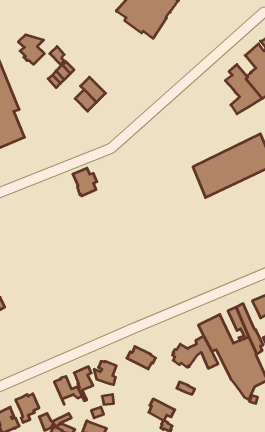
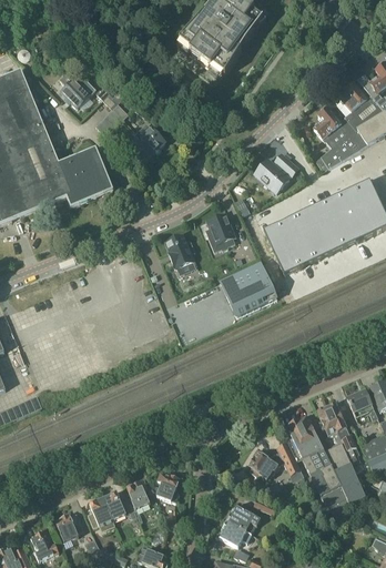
building: none -> [52,146,113,207]
building: none -> [254,153,297,186]
building: none -> [204,213,234,251]
building: [73,168,97,196] -> [164,233,194,267]
building: none -> [220,261,276,316]
building: [127,346,156,369] -> [224,505,260,532]
building: none -> [89,498,114,531]

